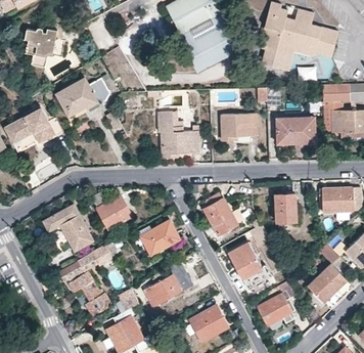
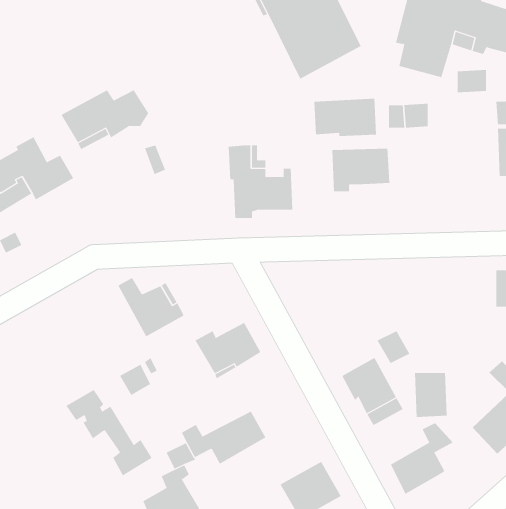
building: [26,29,64,62] -> none
building: [276,118,315,141] -> [313,98,377,137]
building: [275,193,295,221] -> [414,372,448,418]
building: [204,198,236,233] -> none
building: [43,205,93,251] -> none

